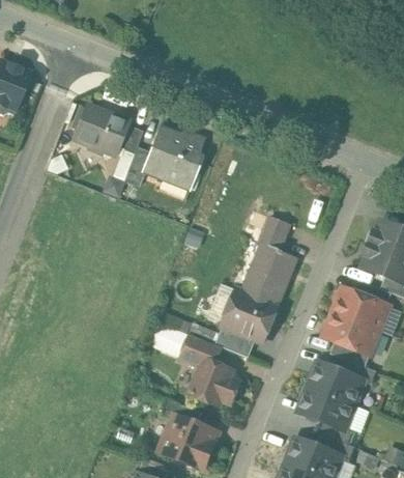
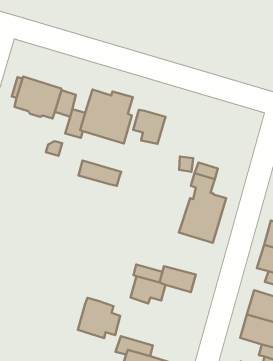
building: none -> [133,110,166,144]
building: none -> [79,160,121,186]
building: [221,290,277,342] -> none
building: [190,360,237,405] -> [78,298,120,338]

